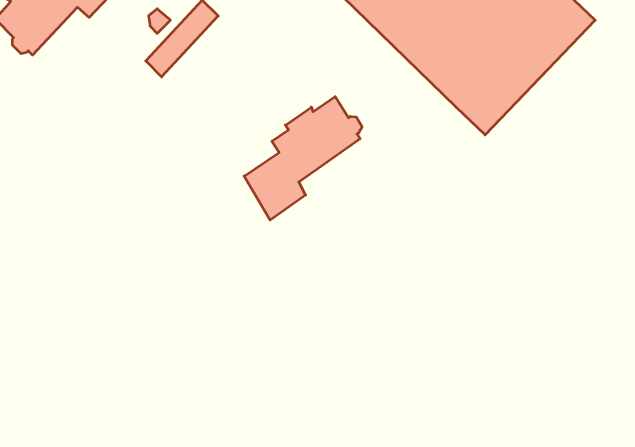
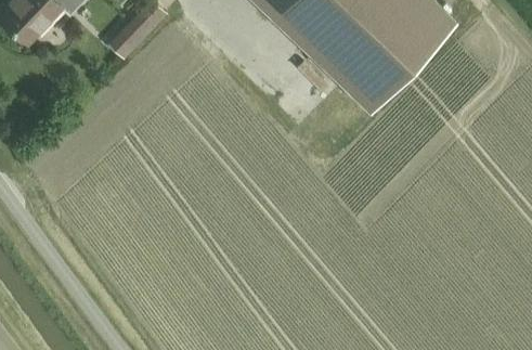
building: [244,97,362,220] -> none

